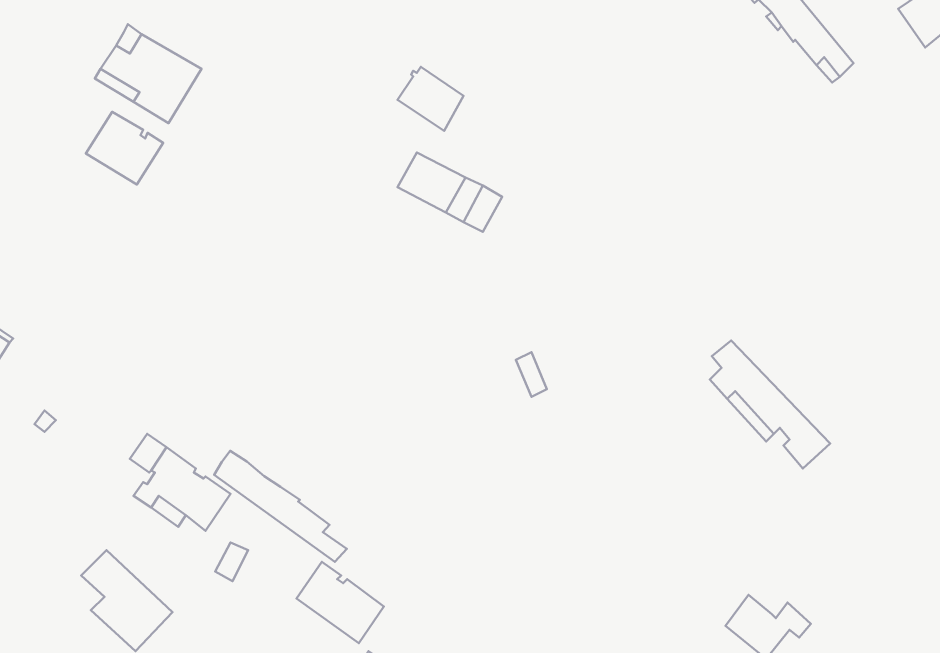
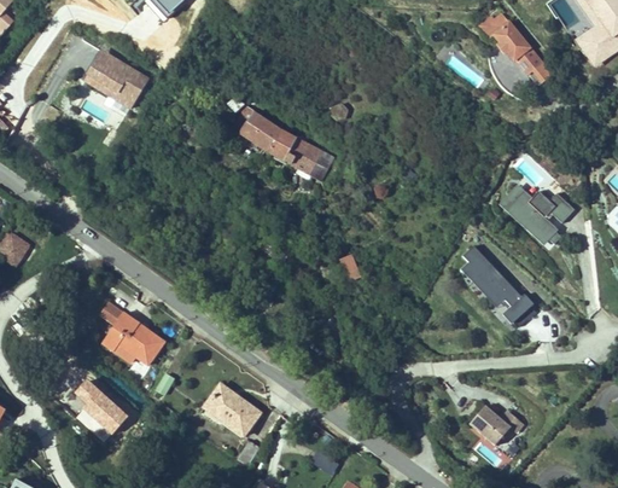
building: [398,67,463,131] -> [239,111,280,151]
building: [86,112,163,185] -> none
building: none -> [497,188,576,251]
building: [214,451,347,562] -> none

